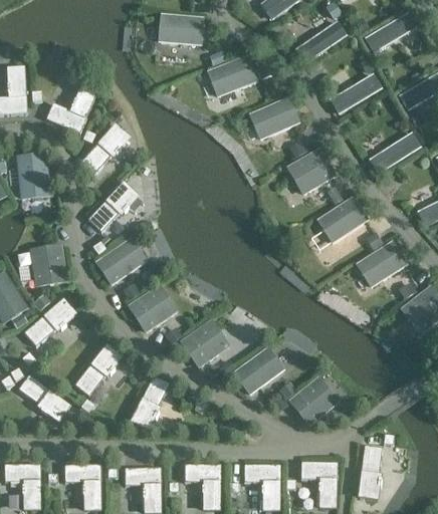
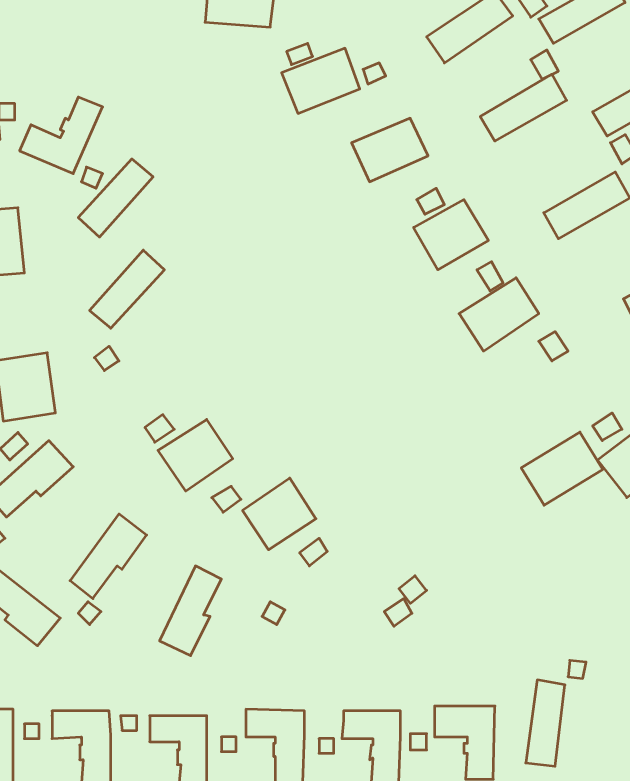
building: [94,237,146,284] -> none
building: [355,242,405,287] -> [521,432,603,505]
building: [232,346,283,394] -> none
building: [289,377,337,424] -> none

